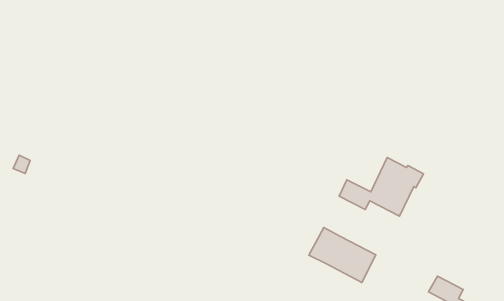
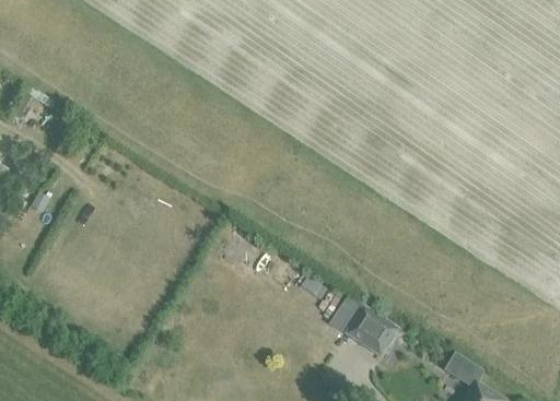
building: [339,157,423,216] -> none

